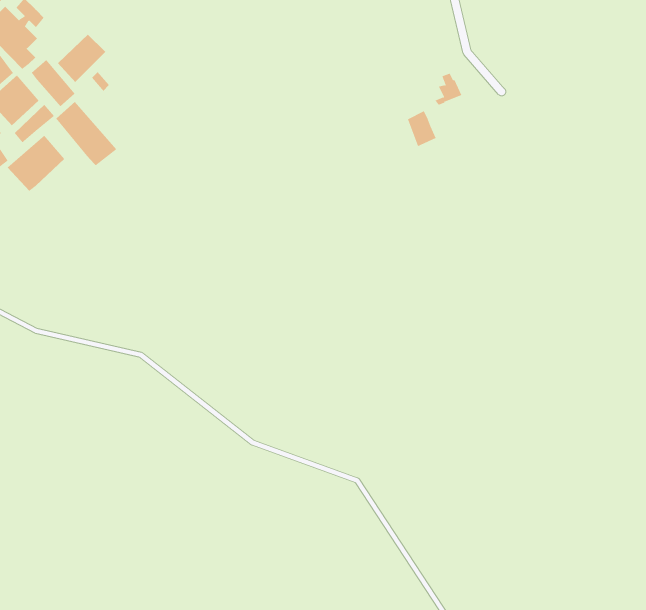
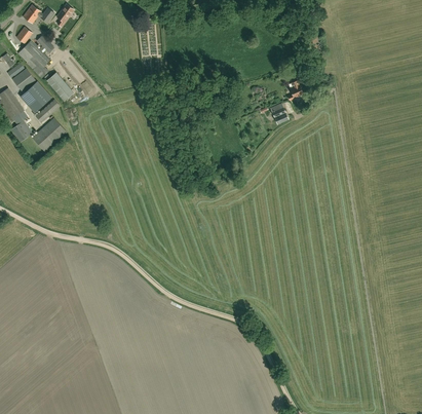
building: [57,34,106,83] -> none
building: [55,101,117,166] -> none

